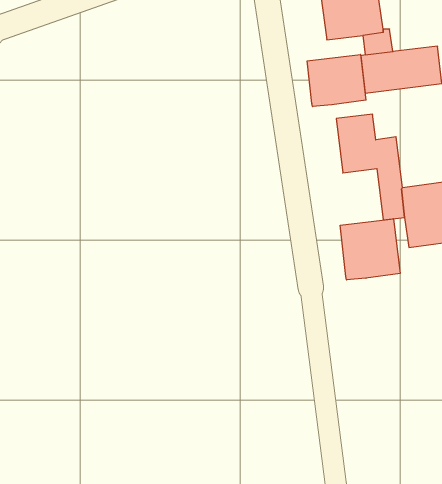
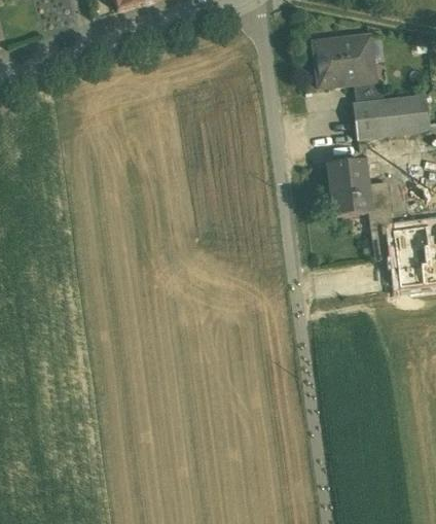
building: [307,54,366,107] -> none
building: [340,219,400,280] -> none

